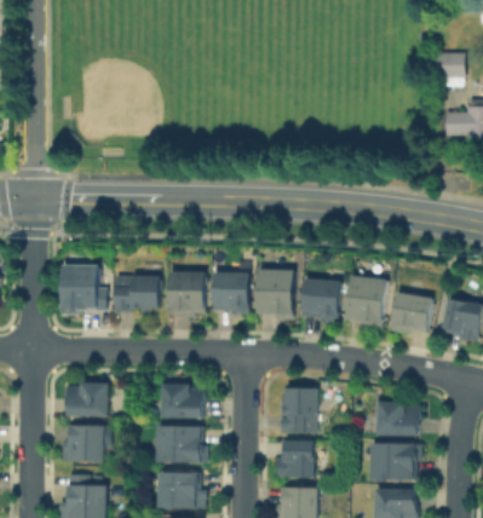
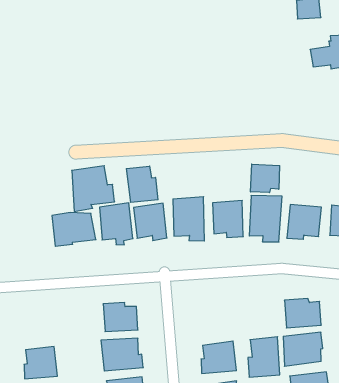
building: none -> [126,166,158,202]
building: none -> [251,164,280,193]
building: [58,265,107,315] -> [72,166,115,211]
building: [68,384,107,416] -> none
building: [278,388,317,433] -> [248,337,280,377]

